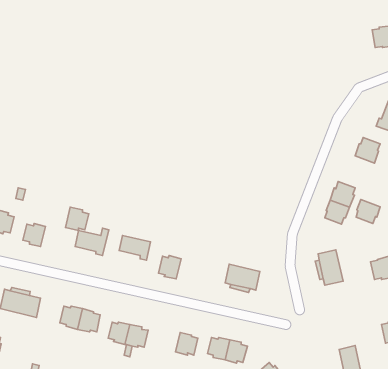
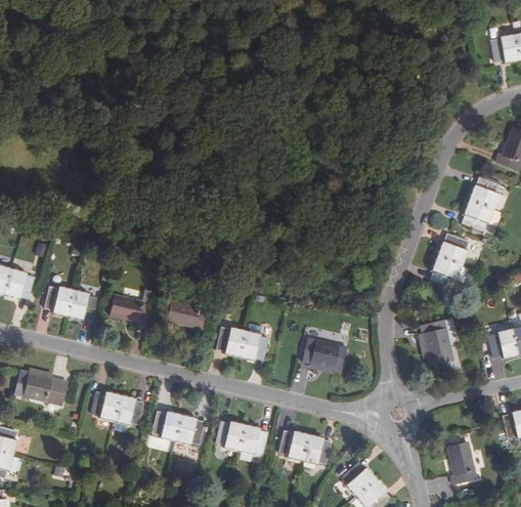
building: [356,199,380,224] -> [462,200,492,230]
building: [66,207,89,231] -> [67,290,96,320]
building: none -> [240,331,268,360]
building: none -> [215,421,245,450]

